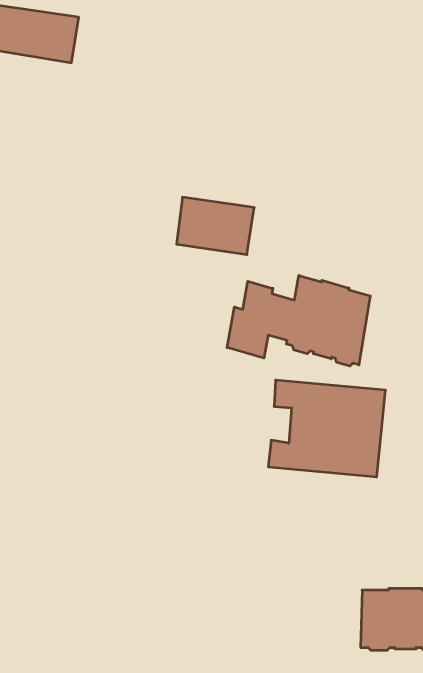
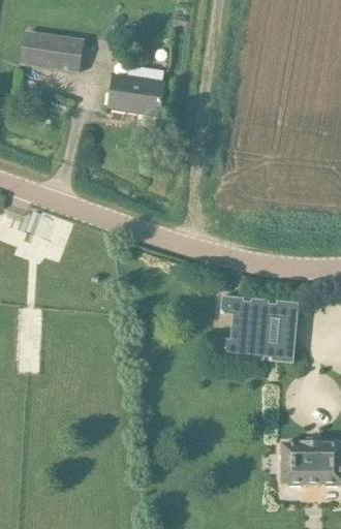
building: [177,197,254,255] -> [109,74,163,115]
building: [227,275,370,366] -> none

